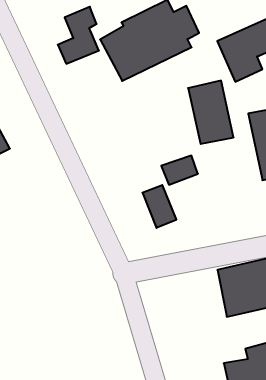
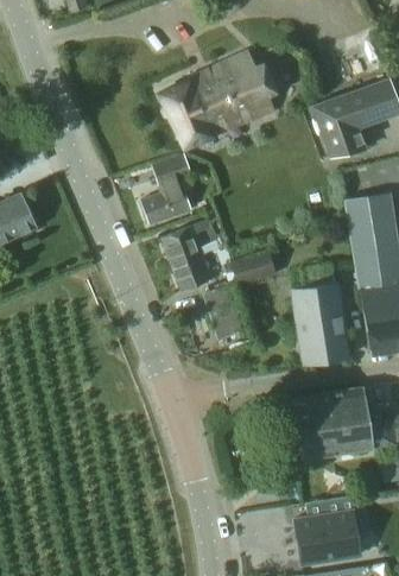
building: [58,7,99,64] -> [139,152,191,223]
building: [188,81,234,144] -> [292,283,347,362]
building: none -> [160,220,214,289]

